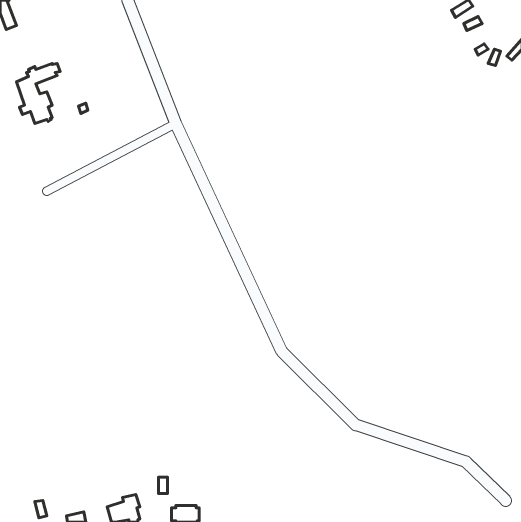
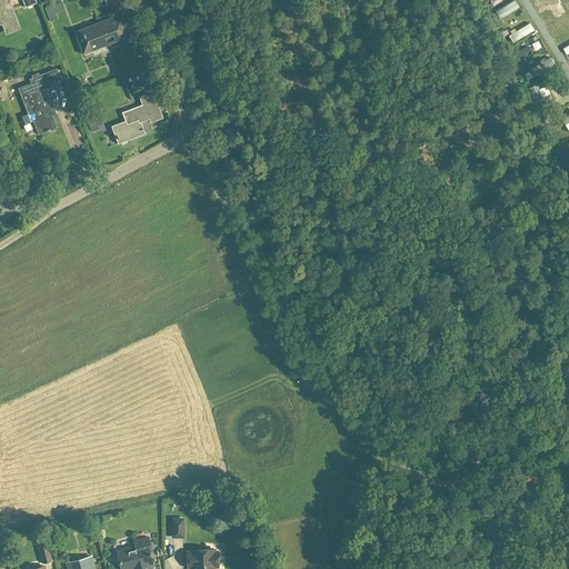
building: none -> [76,18,130,51]
building: none -> [112,92,163,147]

